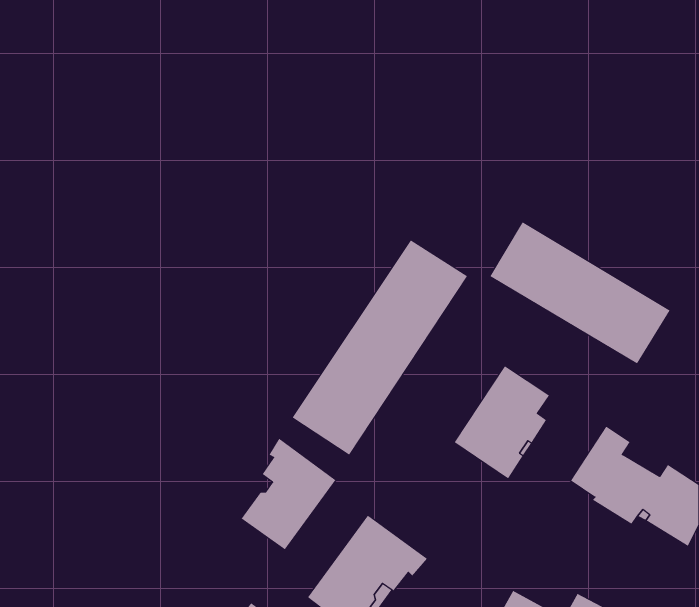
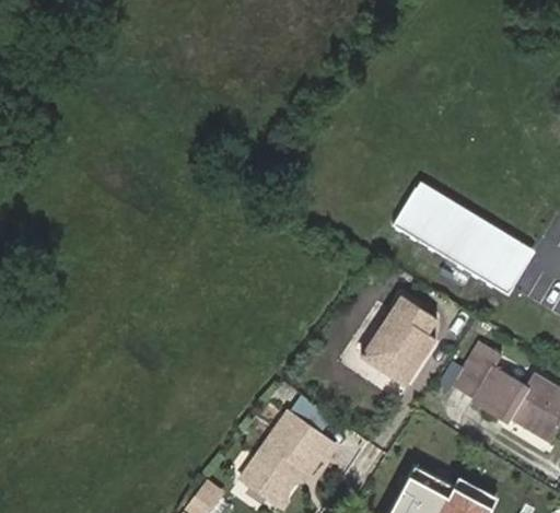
building: [292,239,468,456] -> none
building: [241,438,336,550] -> none

